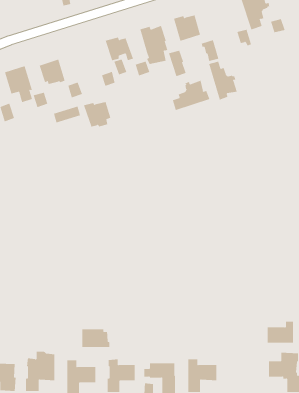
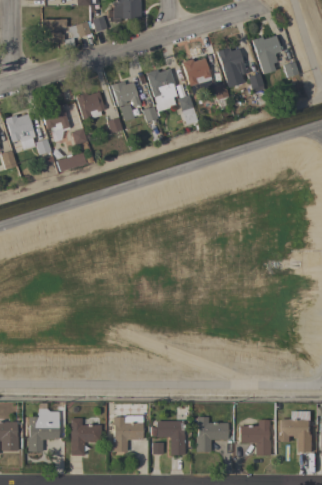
building: none -> [217,47,250,75]
building: [209,61,238,100] -> none
building: [172,80,210,111] -> none
building: [83,101,111,127] -> [76,92,105,119]
building: [267,321,294,343] -> [240,420,268,443]
building: [82,328,110,348] -> none

